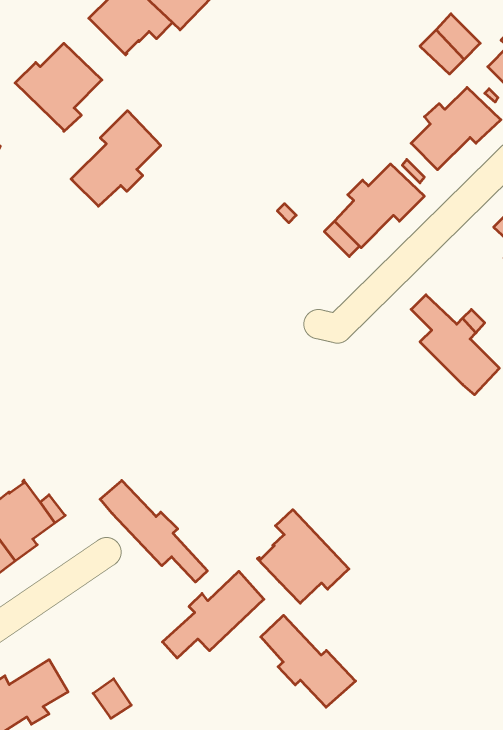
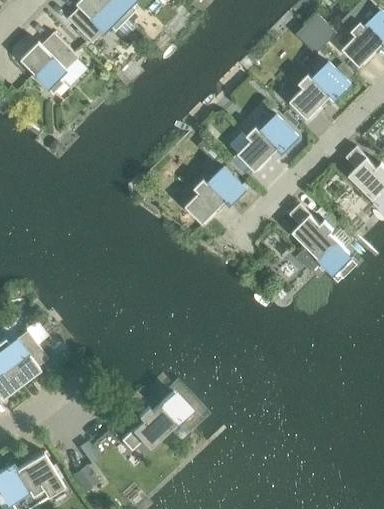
building: [71,111,161,206] -> none
building: none -> [184,166,245,223]
building: [100,480,207,582] -> none
building: [257,510,349,603] -> none
building: [261,615,356,707] -> none

